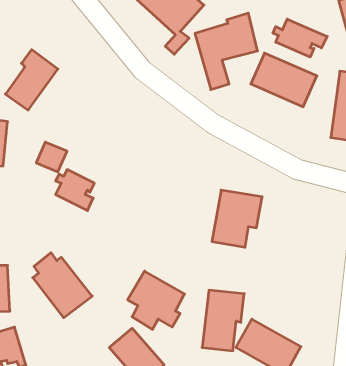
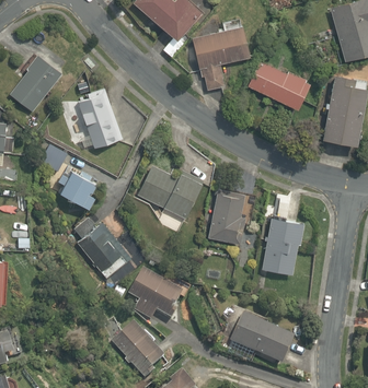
building: [273,19,327,57] -> none
building: none -> [76,84,123,149]
building: none -> [138,165,205,219]
building: [33,253,92,318] -> [76,217,133,280]
building: [202,290,244,351] -> [264,214,304,272]

